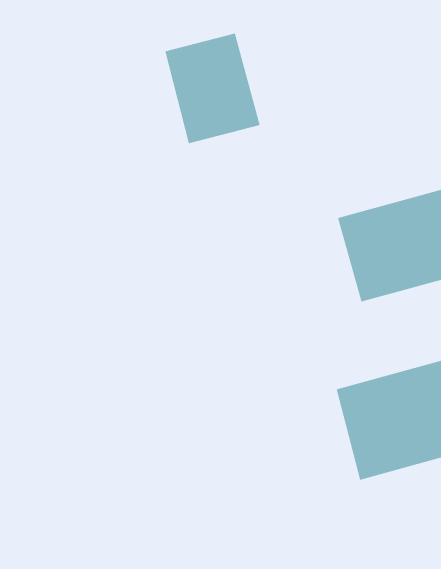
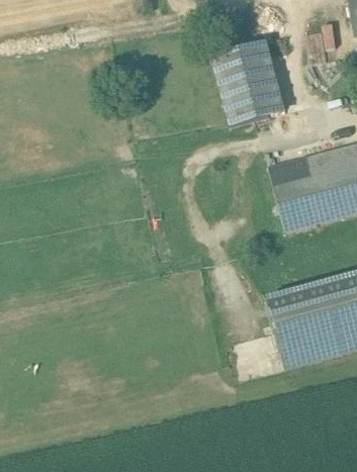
building: [164,33,261,144] -> [211,42,285,127]

